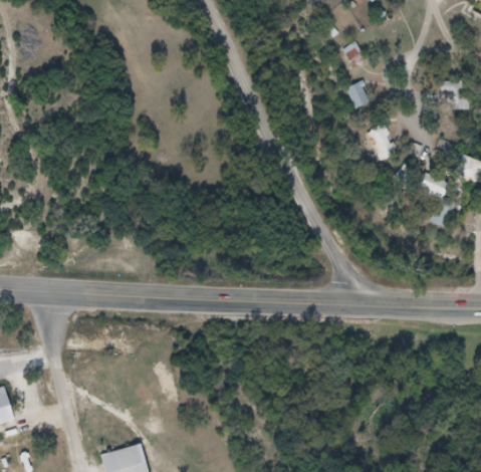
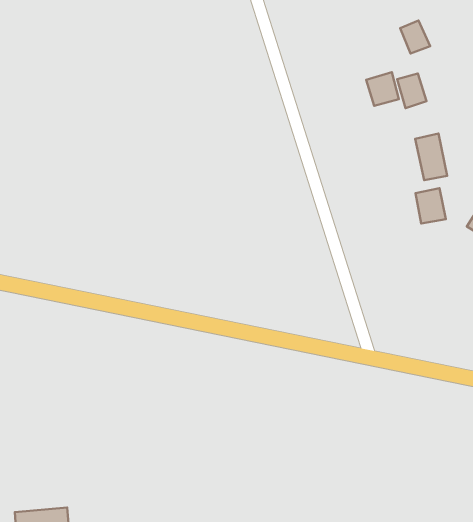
building: none -> [366,72,399,106]
building: none -> [416,188,446,223]

